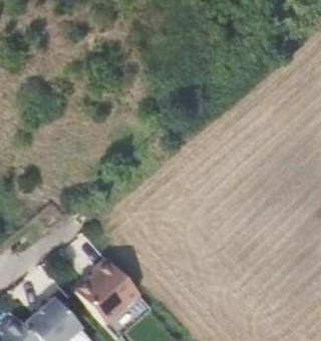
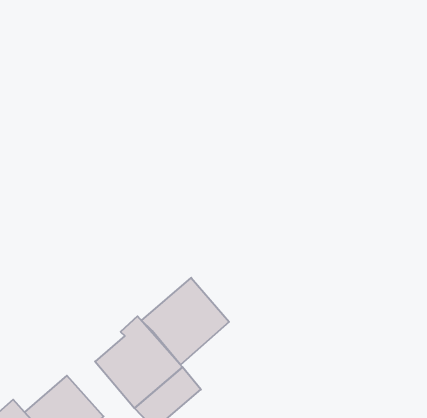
building: none -> [141,278,229,365]

